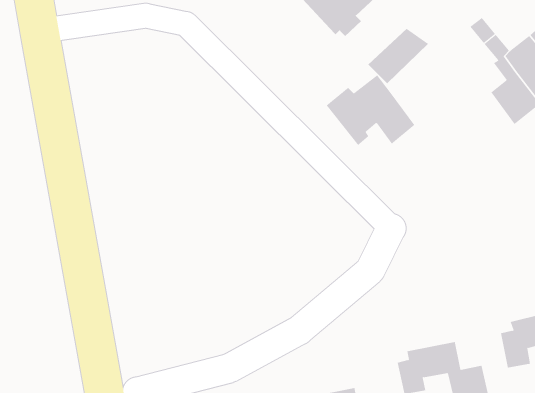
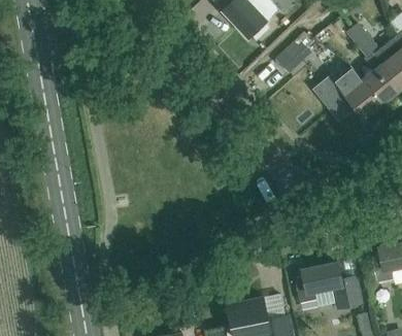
building: [326,75,415,146] -> [315,66,381,119]

